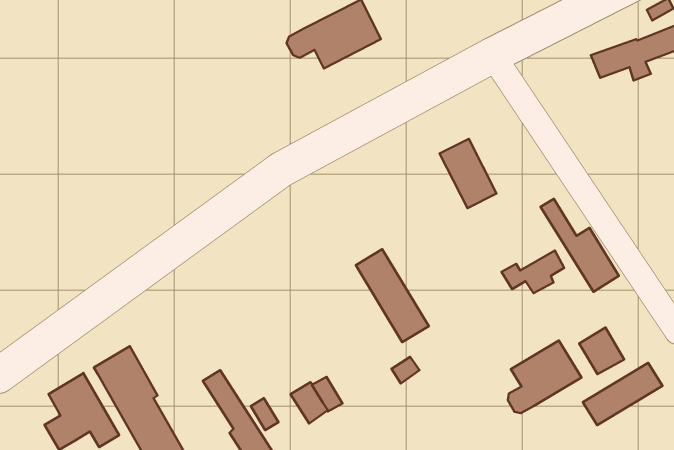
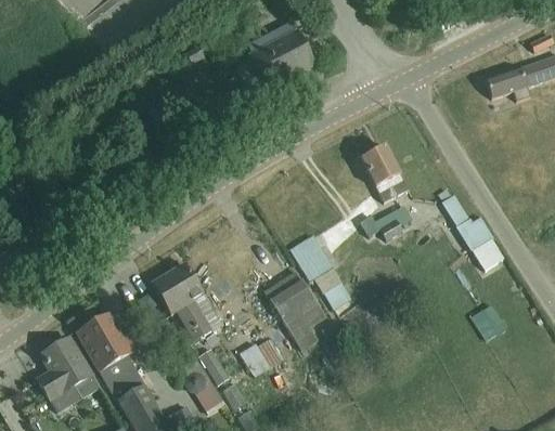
building: [502,250,564,293] -> [360,206,411,240]
building: none -> [151,261,214,338]
building: none -> [269,271,325,353]
building: [508,341,581,413] -> none
building: [583,363,662,425] -> none

